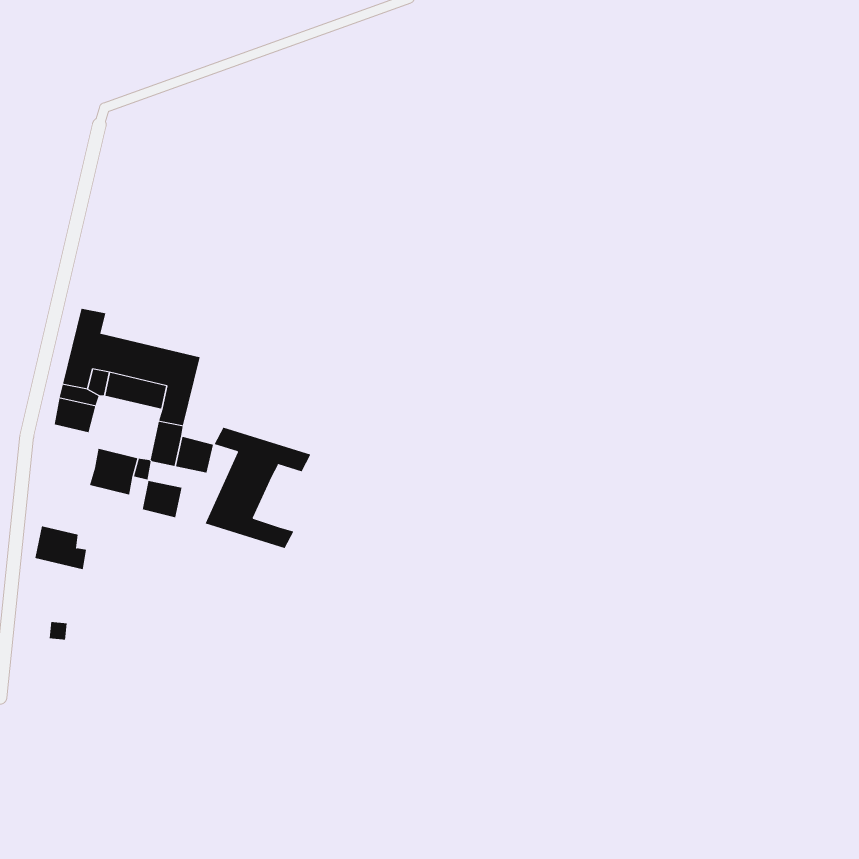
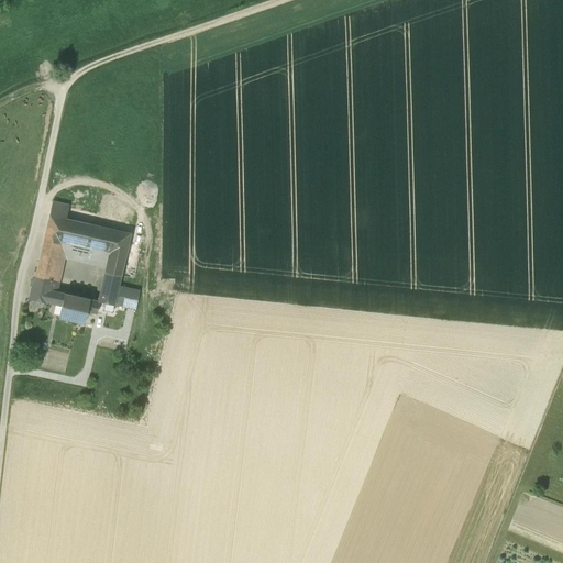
building: [205,427,311,549] -> none
building: [142,480,182,518] -> none
building: [35,524,87,570] -> [31,276,65,306]

